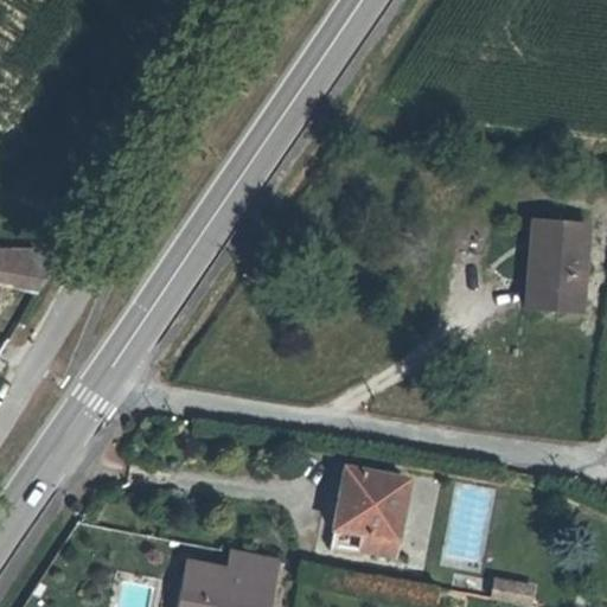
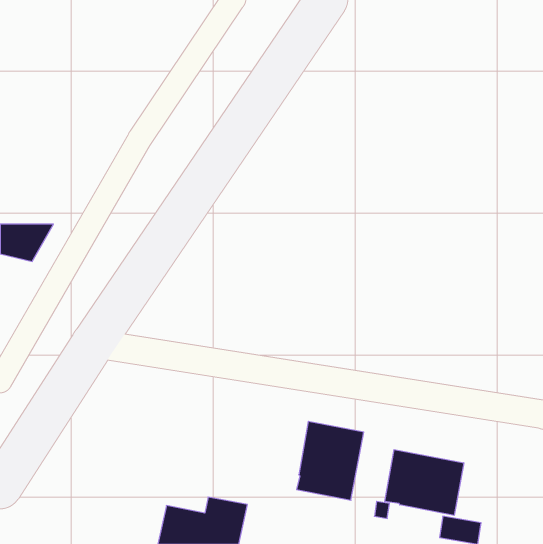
building: [525,219,588,311] -> none
building: none -> [385,450,464,515]

